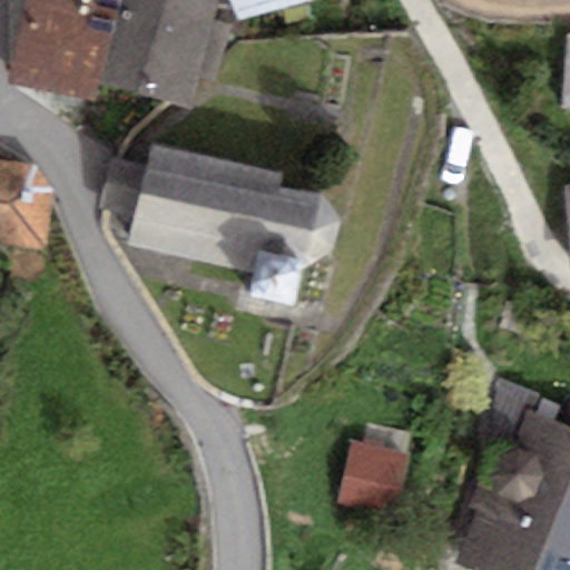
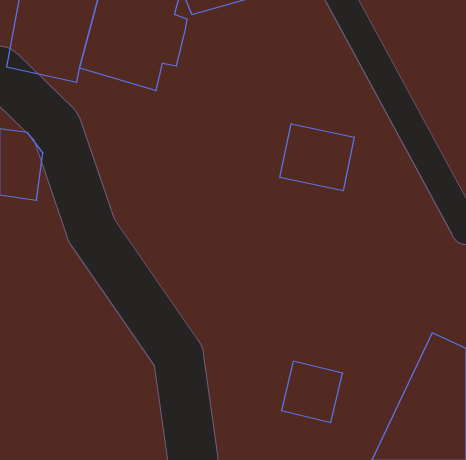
building: [98,145,340,274] -> none
building: none -> [280,124,354,191]

